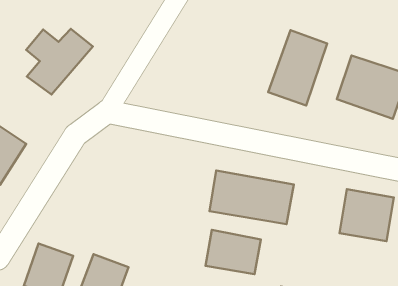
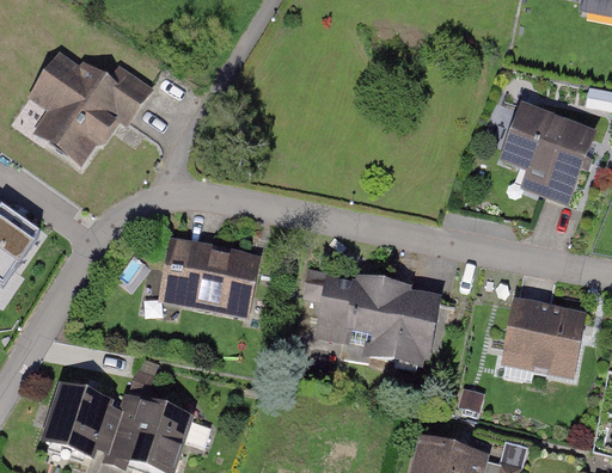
building: [268,30,327,105] -> none
building: none -> [157,236,264,320]
building: [206,230,261,274] -> none

